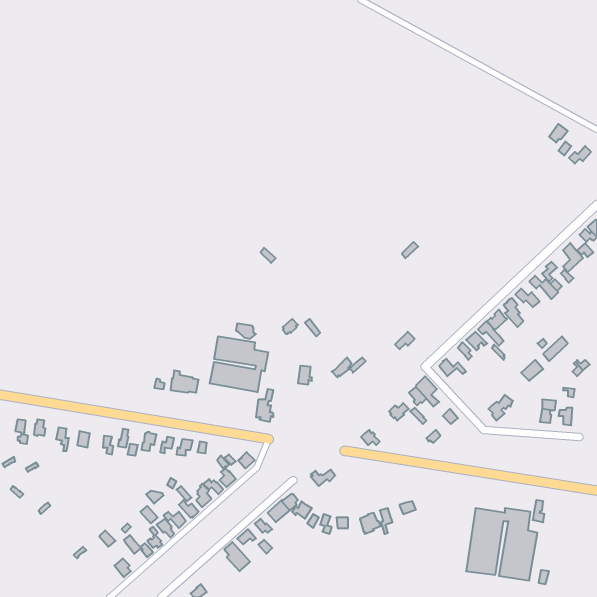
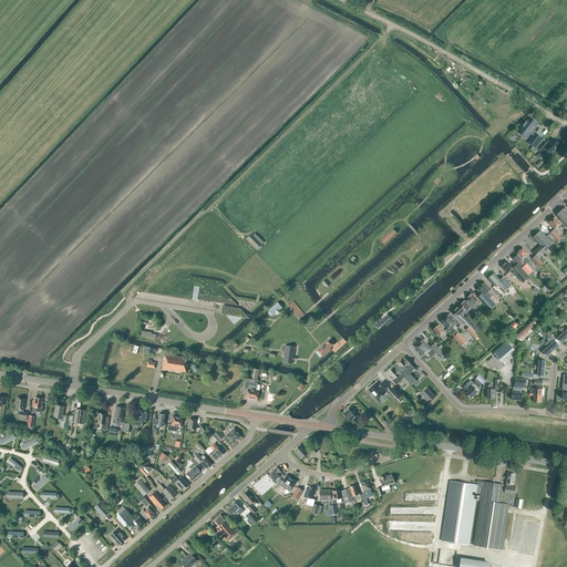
building: [210,336,268,392] -> none

